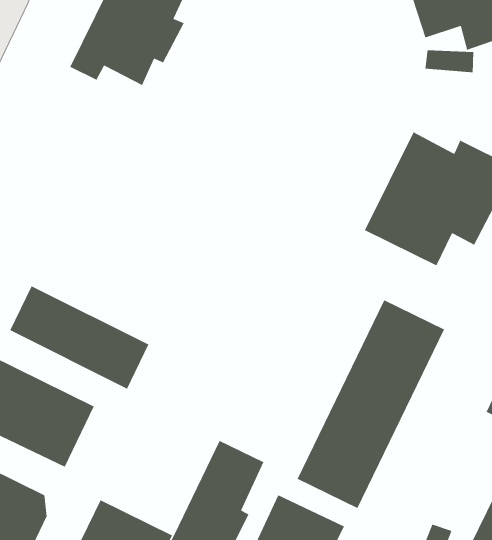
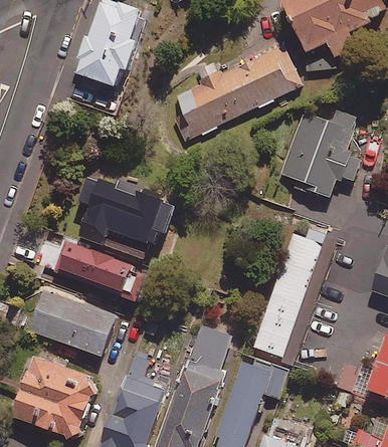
building: none -> [173,46,302,142]
building: none -> [79,178,180,264]

